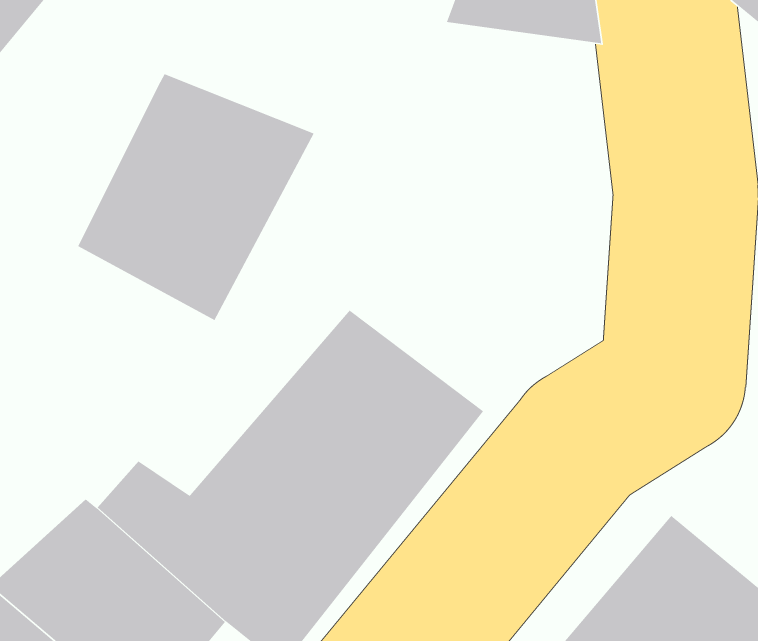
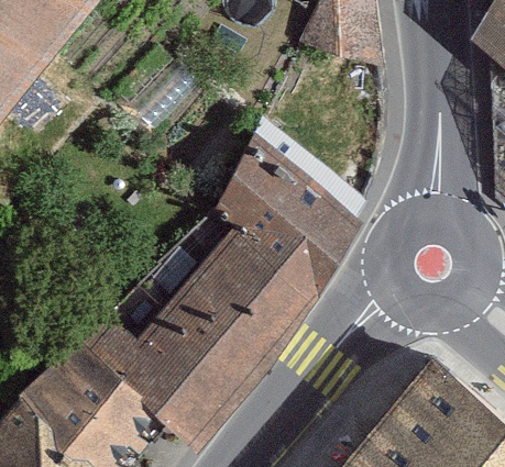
building: [77,73,315,321] -> none
building: none -> [213,125,374,294]

